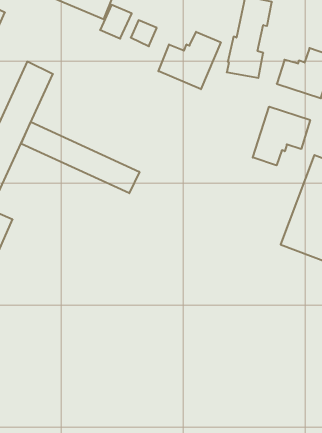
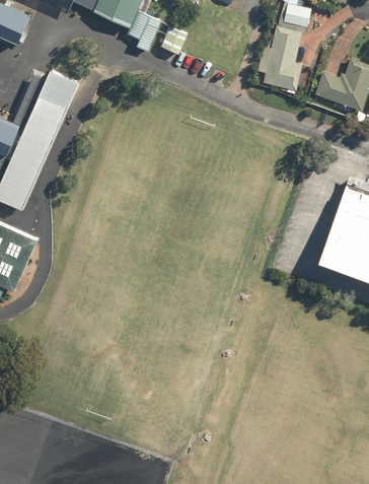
building: [158,32,221,89] -> none
building: [253,107,310,165] -> none
building: [21,122,139,193] -> none

